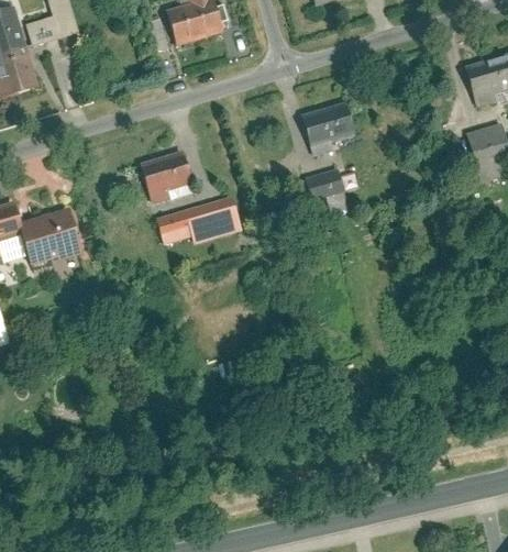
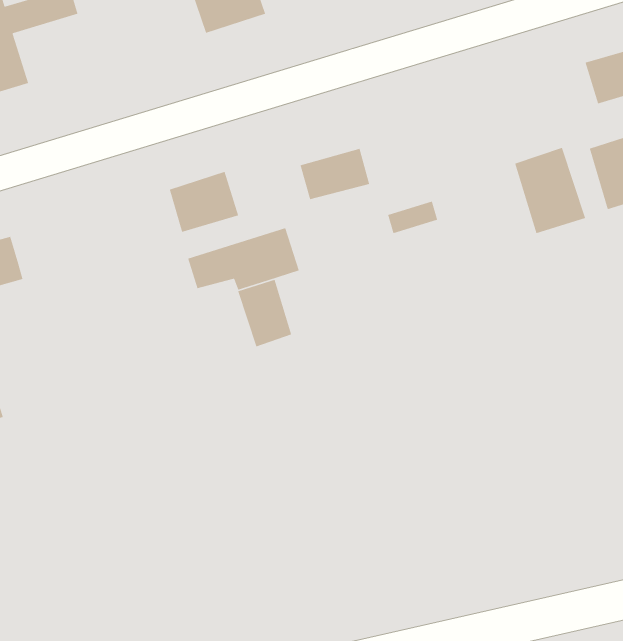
building: [303,106,358,146] -> [300,148,370,200]
building: none -> [514,147,586,234]
building: [24,207,92,268] -> none
building: none -> [237,279,292,347]

